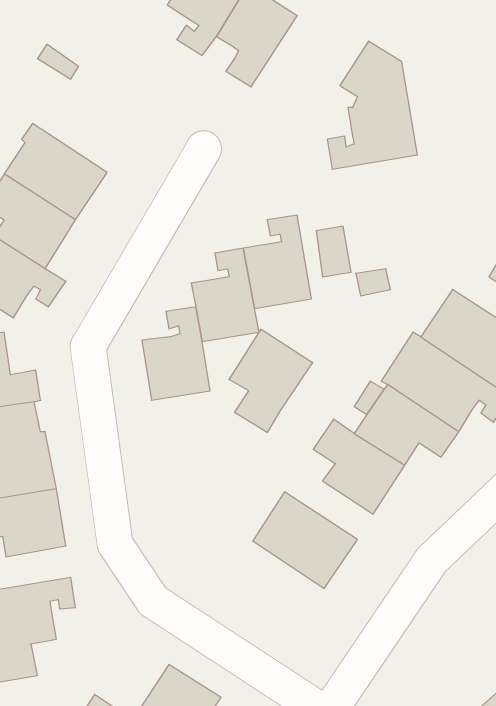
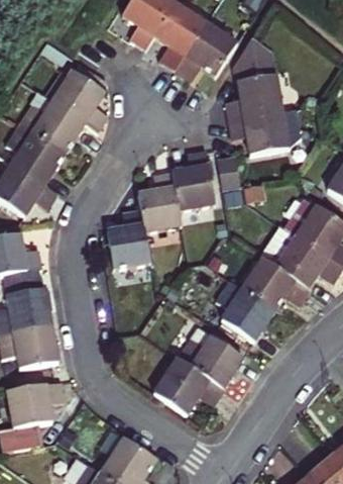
building: none -> [177,23,237,79]
building: none -> [52,71,108,131]
building: none -> [228,112,289,156]
building: [229,329,313,432] -> none
building: none -> [154,359,223,415]

